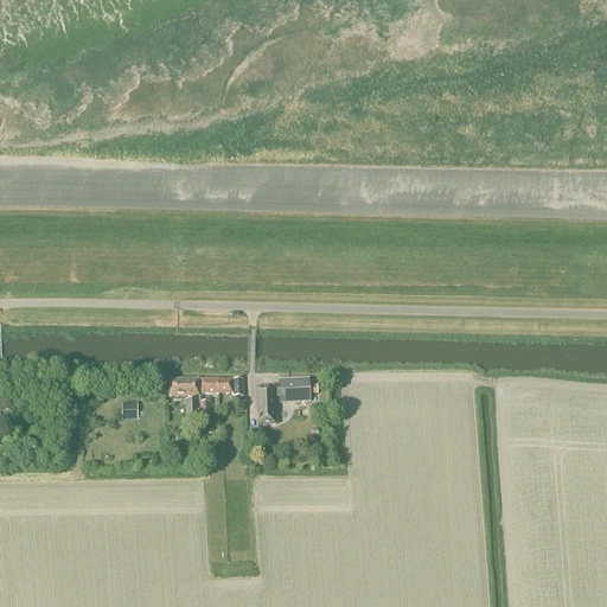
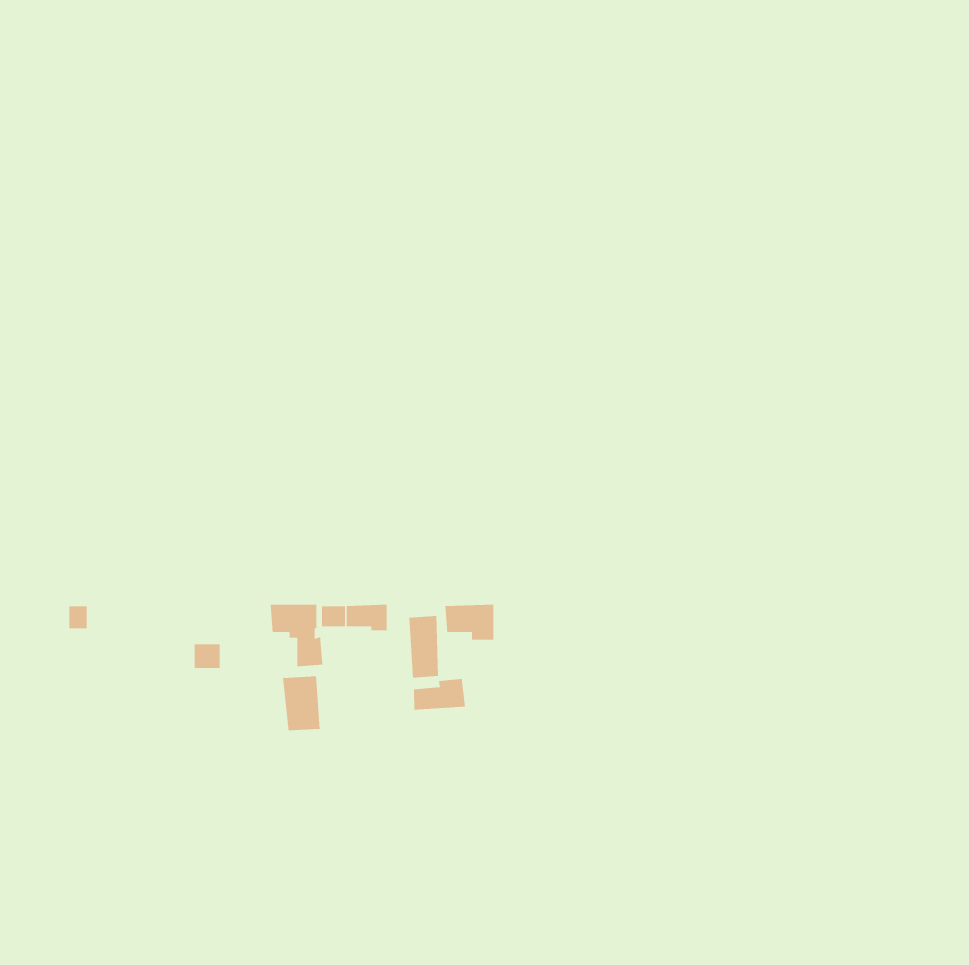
building: none -> [282,675,320,731]
building: none -> [414,678,465,711]

